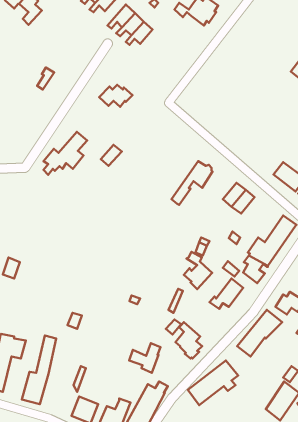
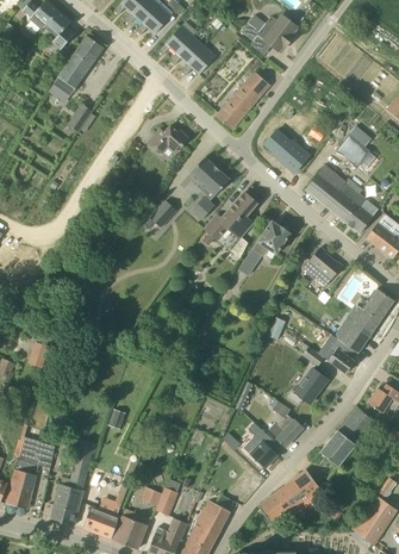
building: none -> [55,35,104,94]
building: none -> [216,70,270,130]
building: none -> [336,126,370,167]
building: none -> [264,130,310,173]
building: none -> [189,154,230,217]
building: none -> [305,164,379,234]
building: [43,132,87,175] -> [202,192,257,245]
building: [184,252,212,289] -> [268,400,304,447]
building: [129,343,160,373] -> [141,478,180,515]
building: none -> [82,505,120,539]

